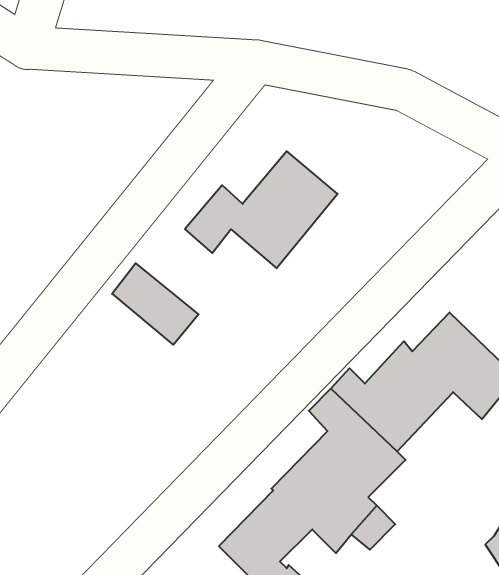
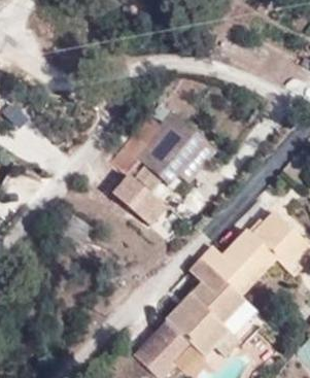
building: [112,263,199,345] -> [113,176,166,226]

